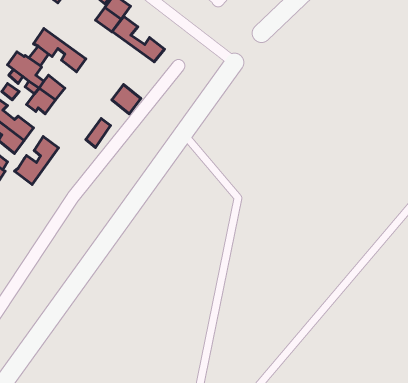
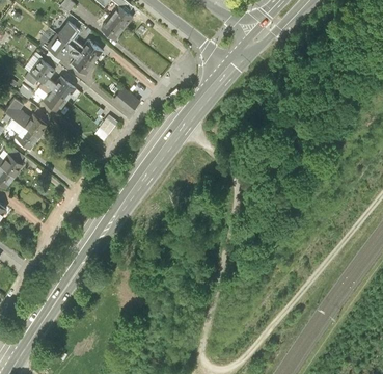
building: [112,16,165,62] -> [57,21,104,61]
building: [15,136,59,184] -> none

